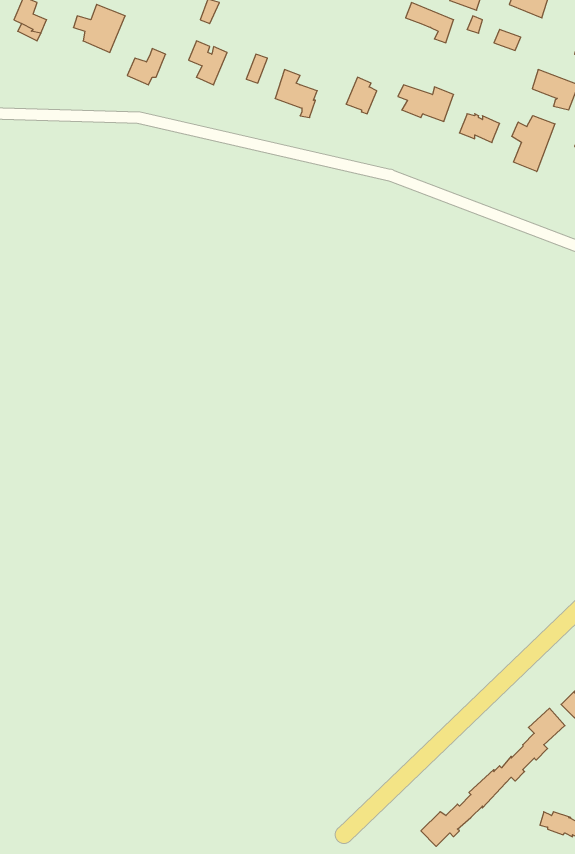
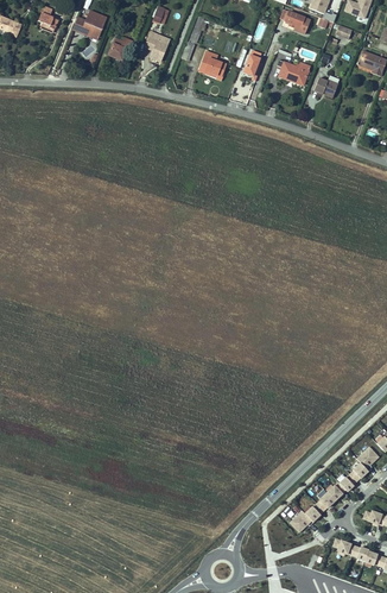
building: [512,116,555,172] -> none

